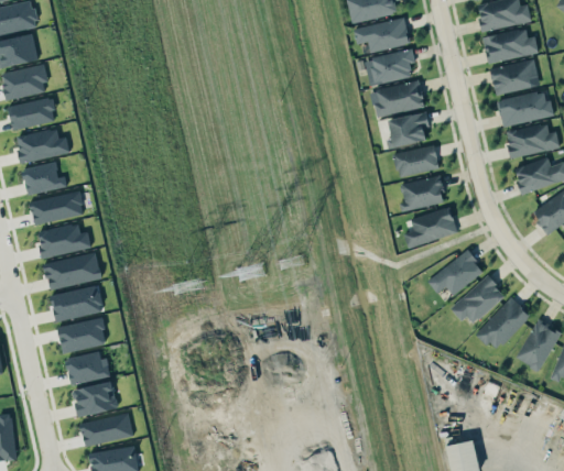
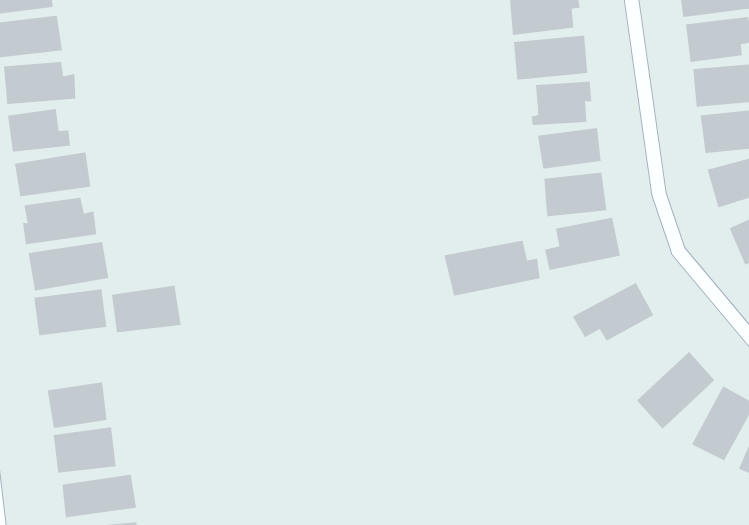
building: none -> [444,240,540,296]
building: [452,275,506,324] -> none
building: [57,317,108,353] -> [111,285,181,333]

